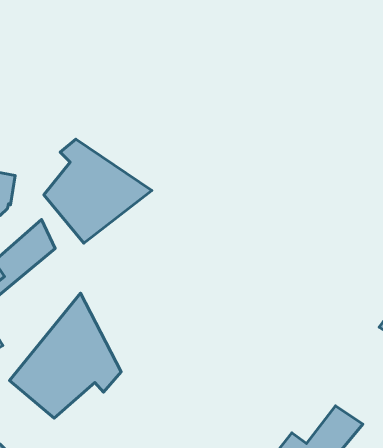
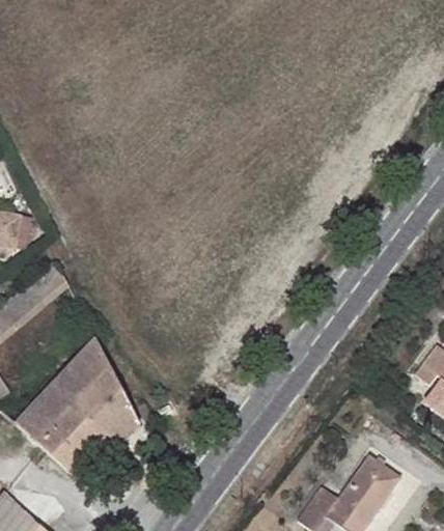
building: [44,139,152,243] -> none

